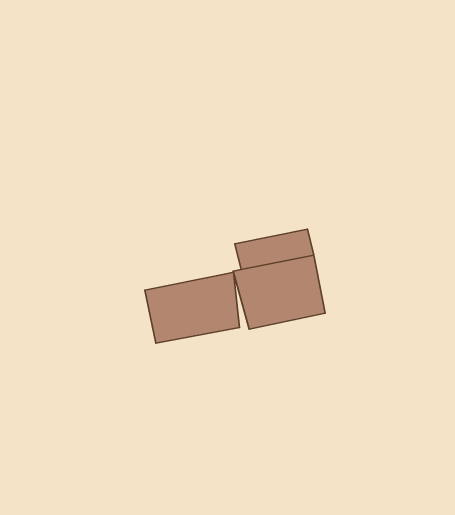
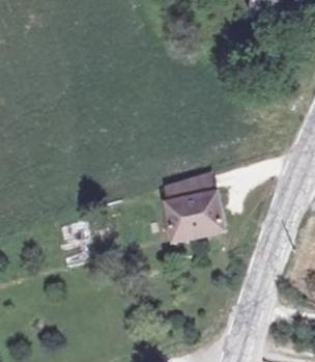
building: [145,272,240,343] -> none

